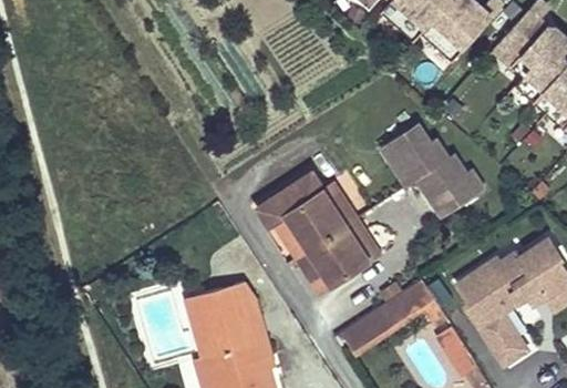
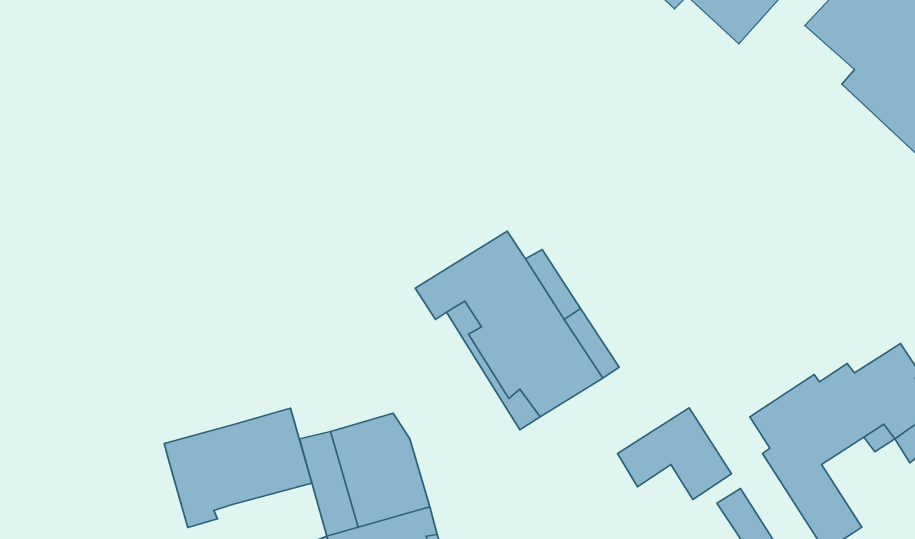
building: [381,124,485,219] -> none
building: none -> [164,408,312,528]
building: [339,307,391,353] -> none

